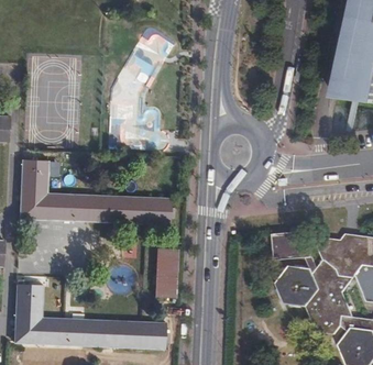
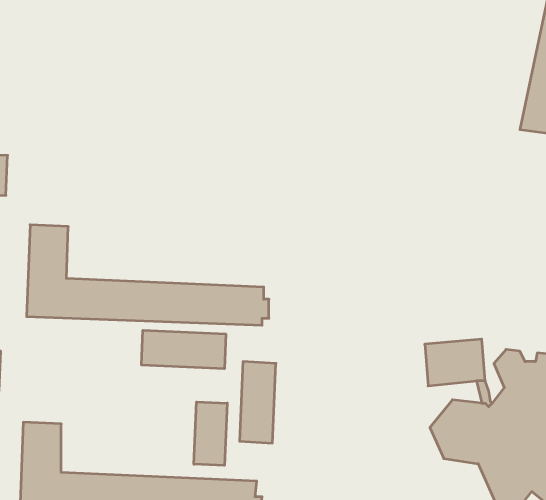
building: none -> [142,330,226,369]
building: none -> [194,402,227,465]

